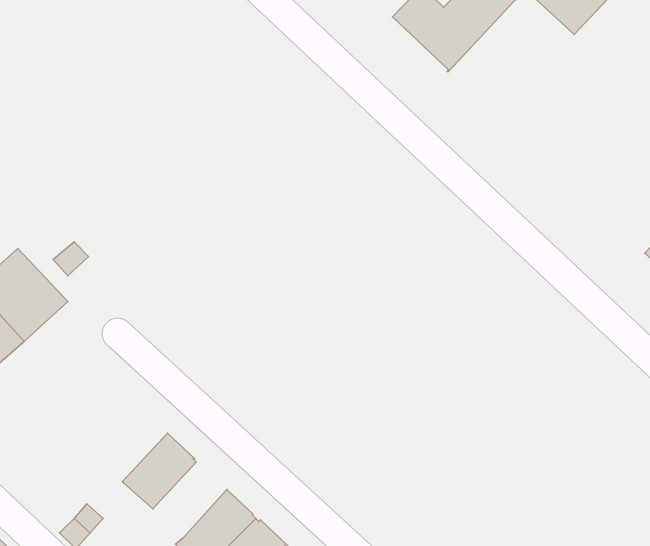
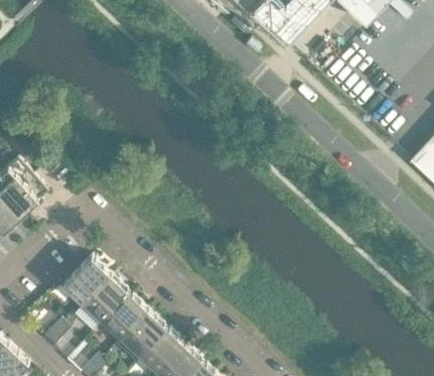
building: none -> [61,256,110,304]
building: none -> [101,292,147,340]

